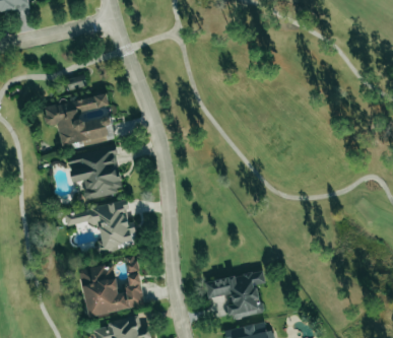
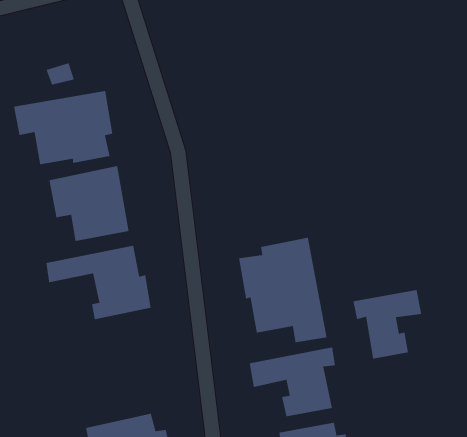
building: none -> [238,237,327,343]
building: none -> [353,289,422,360]
building: [80,255,144,316] -> none

